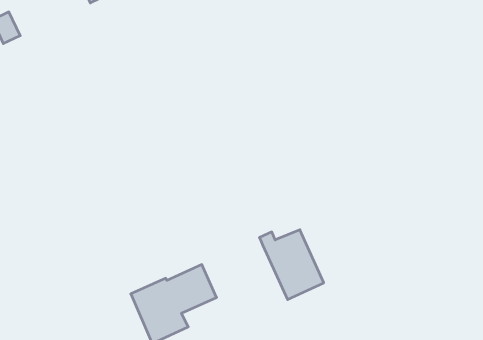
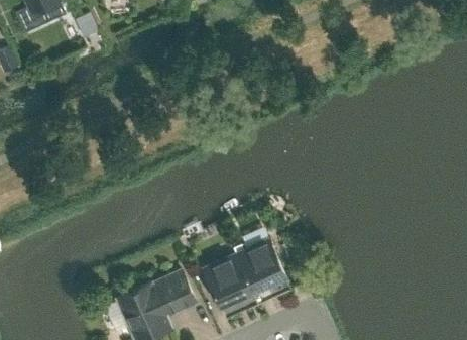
building: none -> [203,254,258,318]

